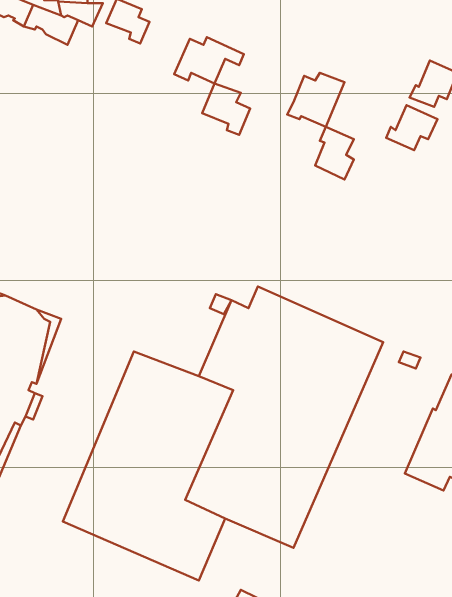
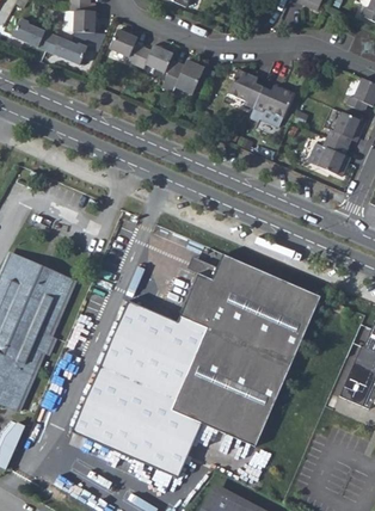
building: none -> [134,45,171,73]
building: [202,84,250,135] -> [223,70,260,110]
building: [315,127,354,180] -> [315,137,345,178]

